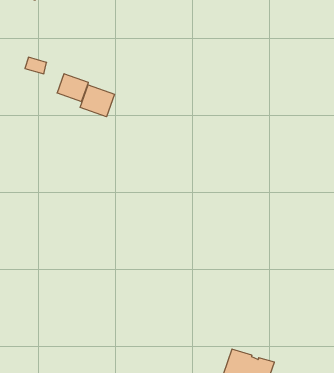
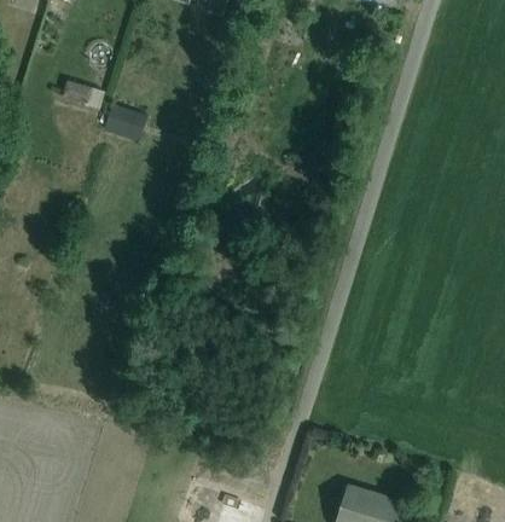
building: [80,85,114,117] -> none

